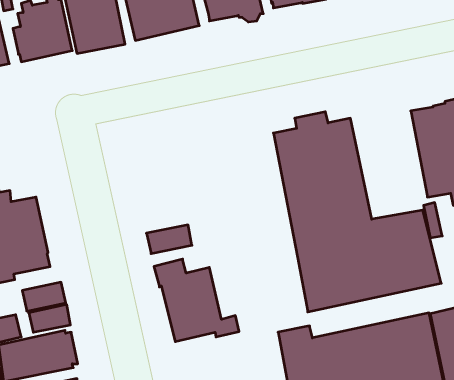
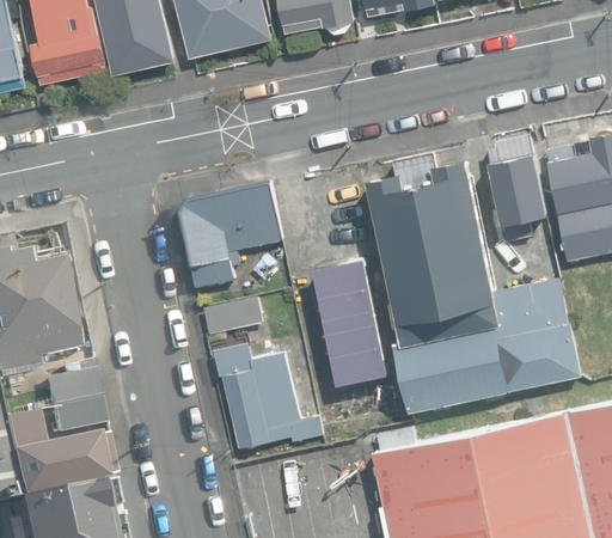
building: none -> [486,134,546,240]
building: none -> [180,182,281,287]
building: none -> [313,257,387,385]

